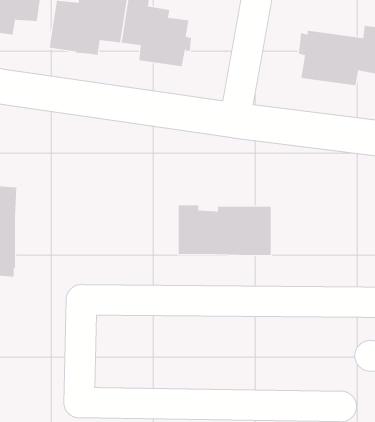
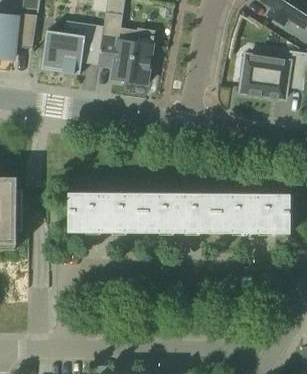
building: none -> [69,193,143,232]
building: none -> [217,194,291,233]

